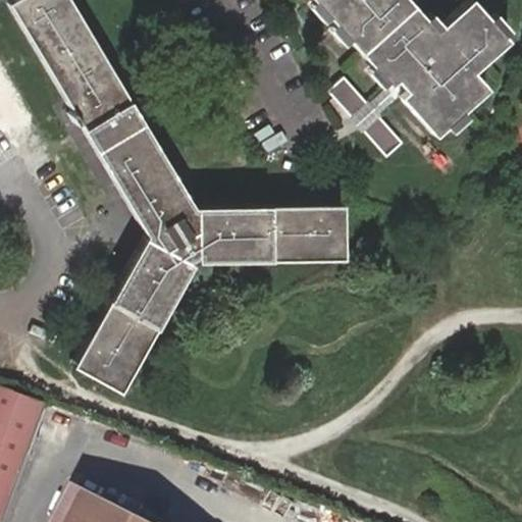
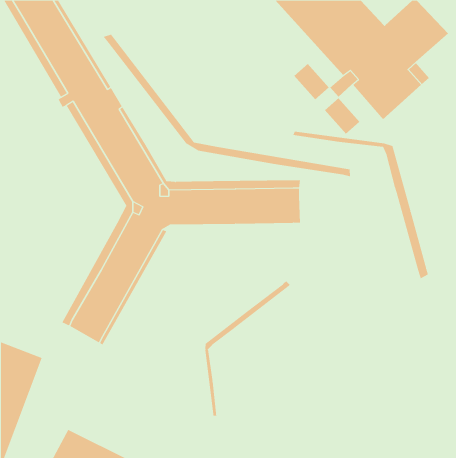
building: none -> [103,34,351,177]
building: none -> [293,131,429,279]
building: none -> [205,281,291,416]

